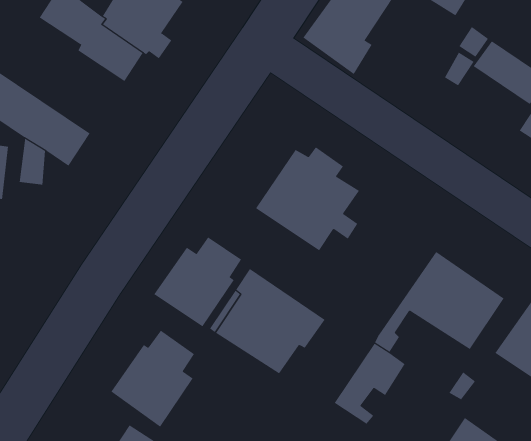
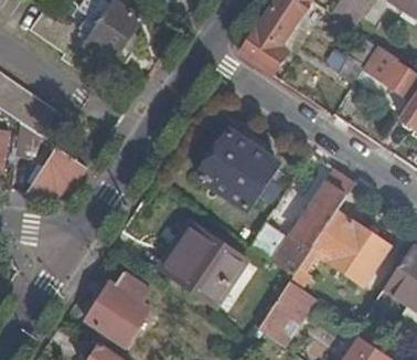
building: none -> [22,147,86,194]
building: none -> [250,168,355,274]
building: [153,237,242,327] -> none

